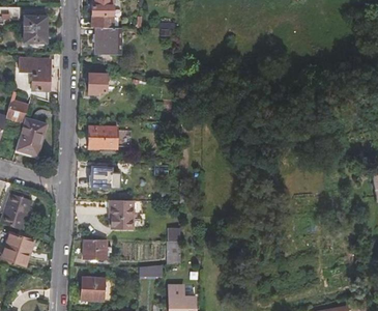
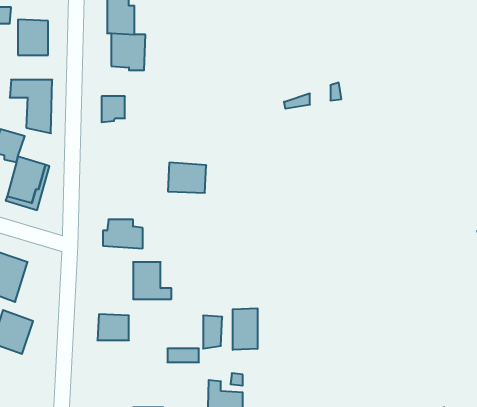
building: [90,125,119,148] -> [168,163,206,193]
building: none -> [233,308,257,350]
building: [83,276,107,299] -> none

